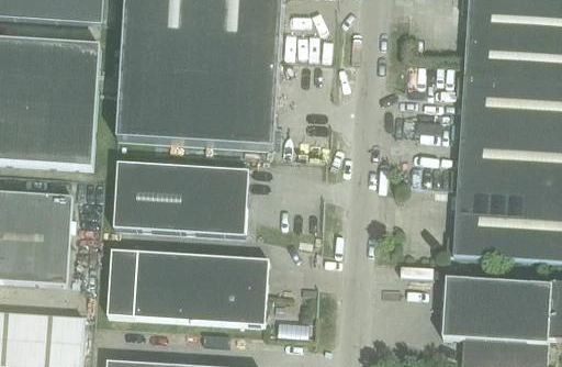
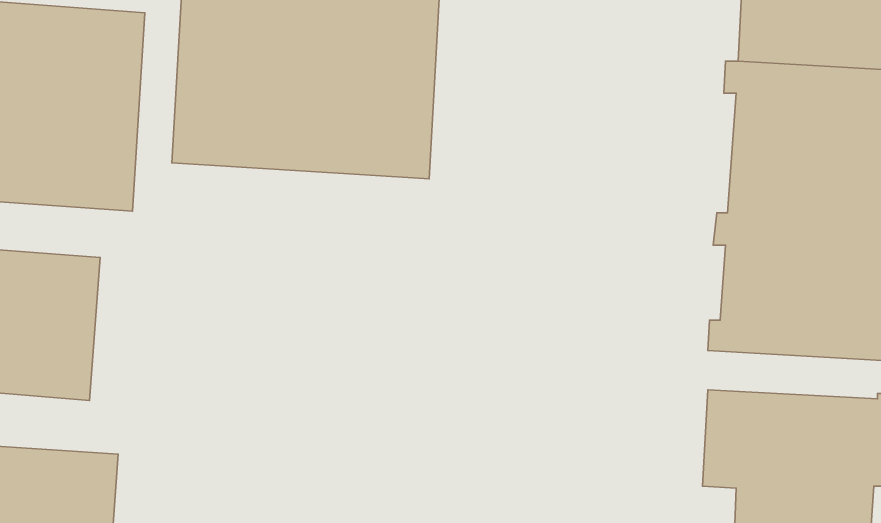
building: [113,160,249,235] -> none
building: [106,248,269,324] -> none

